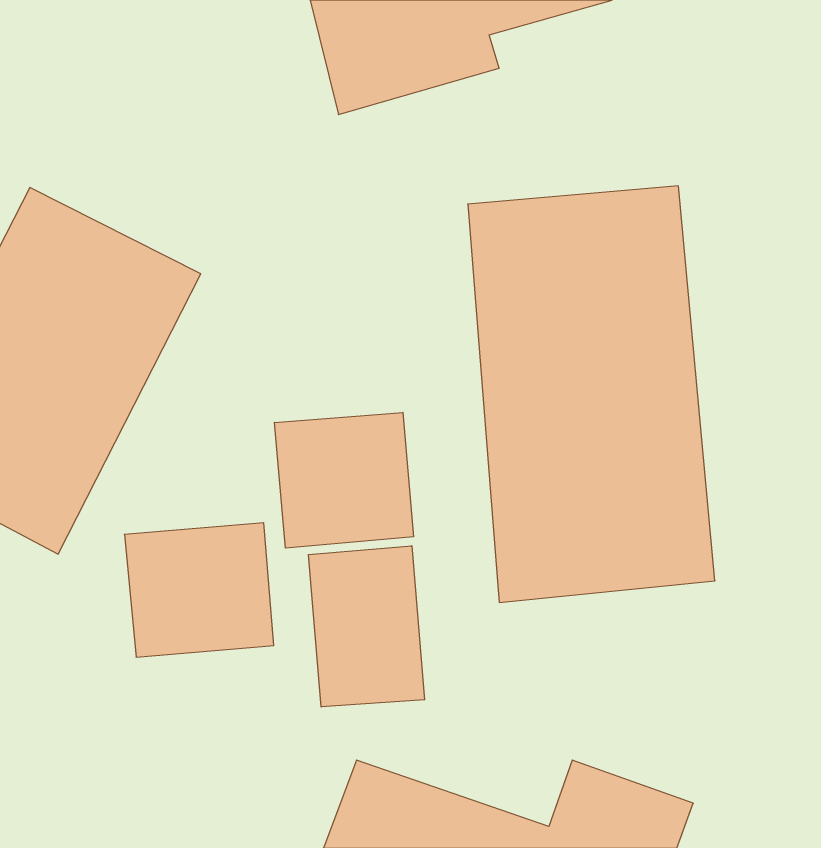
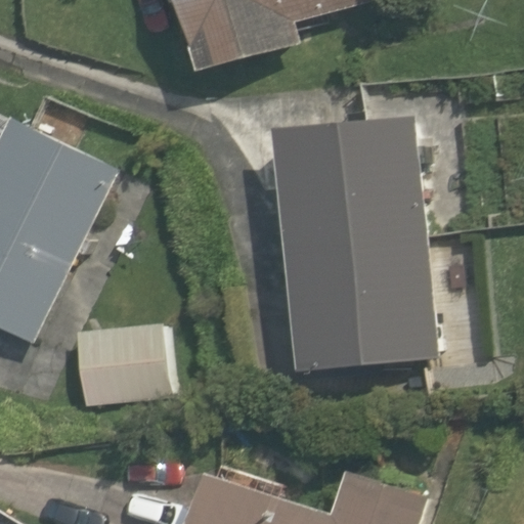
building: [275,412,413,548] -> none
building: [309,546,425,707] -> none

